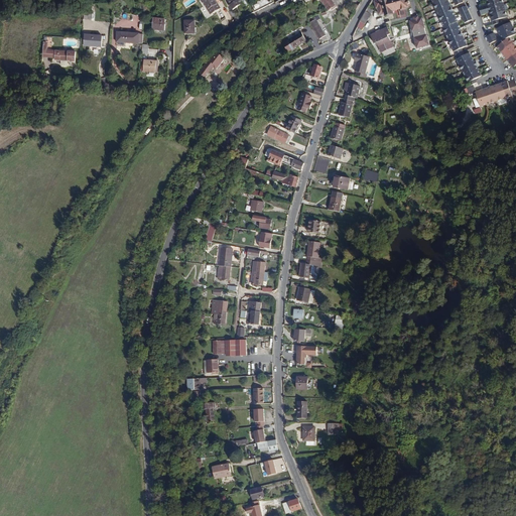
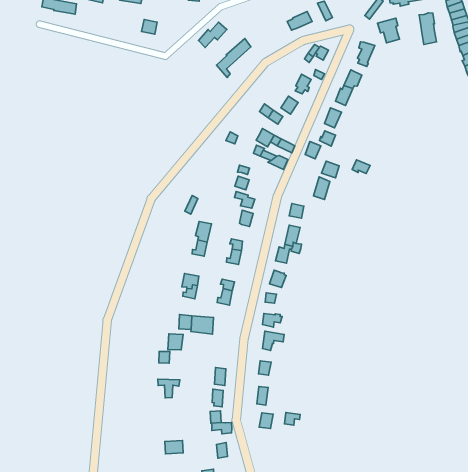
building: none -> [217,39,251,77]

